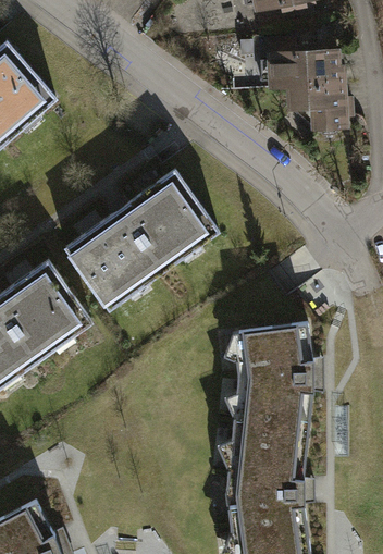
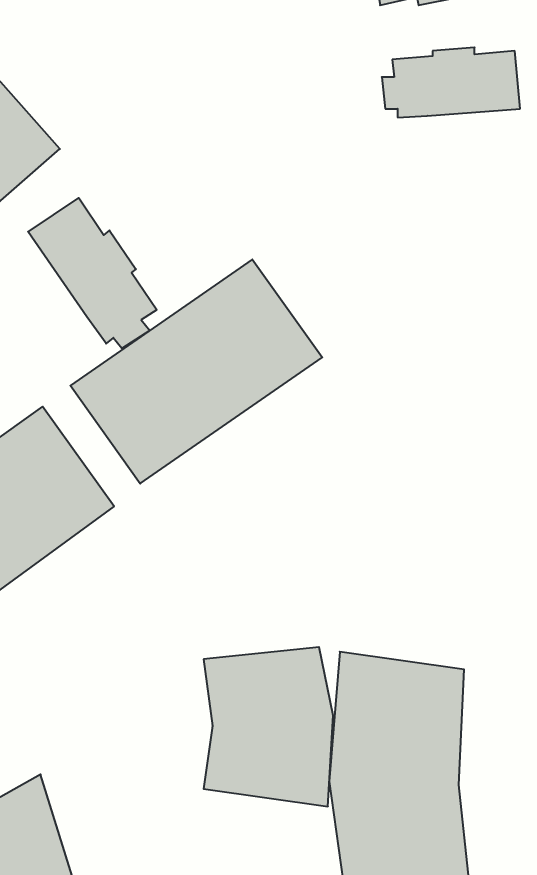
building: [285,76,346,132] -> none
building: none -> [28,198,157,348]
building: [231,325,311,424] -> [204,647,333,806]

